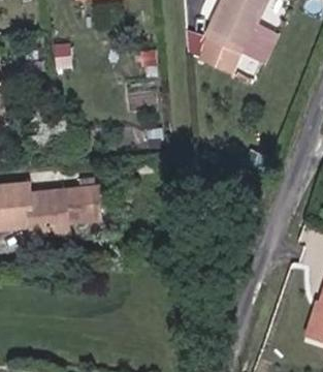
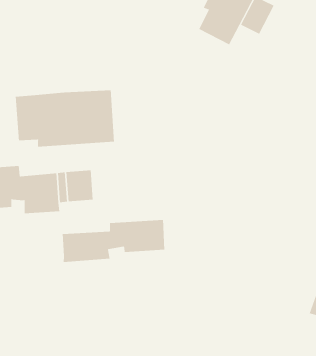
building: none -> [15,90,115,148]
building: none -> [62,219,165,263]

